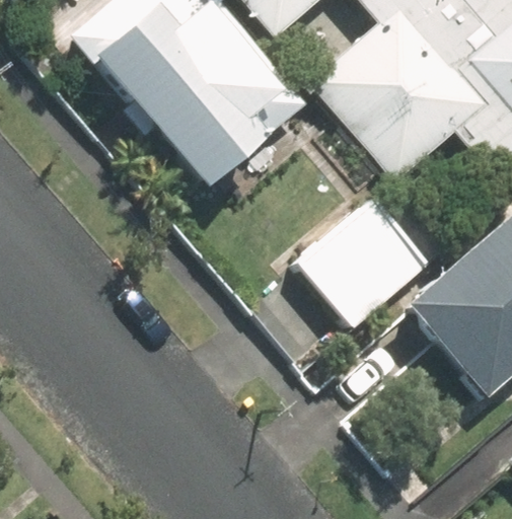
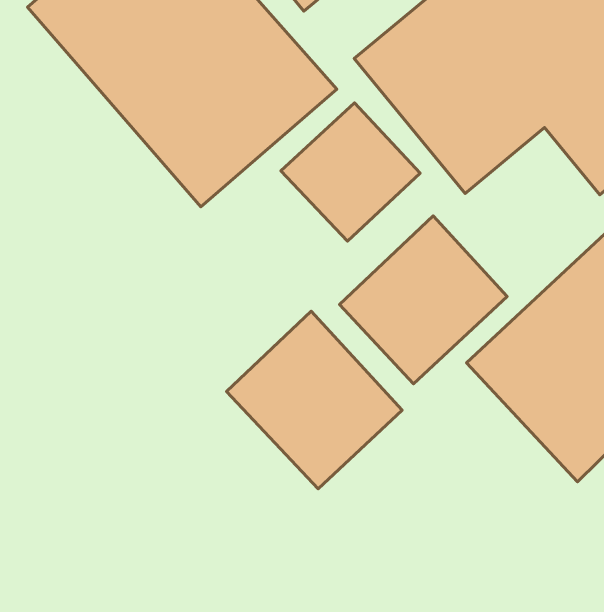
building: none -> [281,103,420,241]
building: none -> [227,311,402,489]

